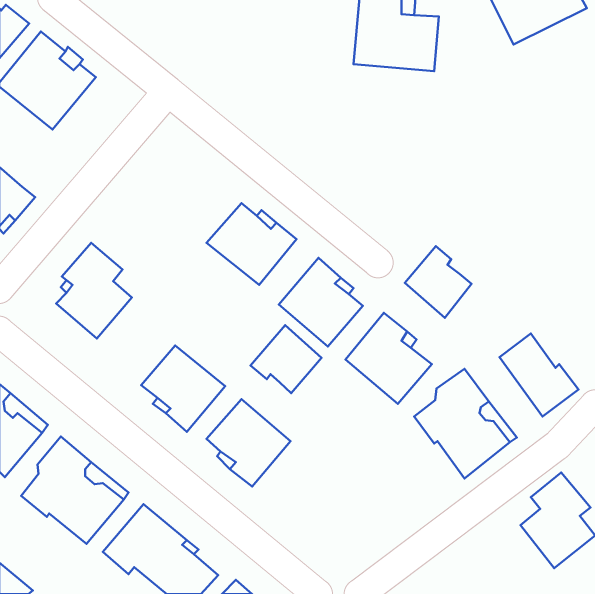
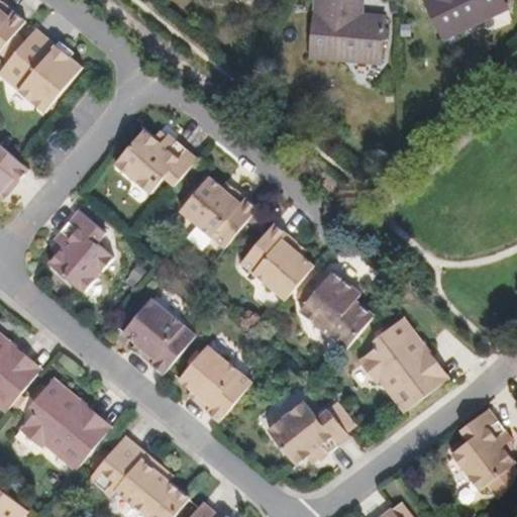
building: none -> [114,128,196,194]
building: [405,246,472,318] -> none
building: [250,325,322,393] -> none
building: [499,333,579,416] -> none
building: none -> [268,401,349,466]

